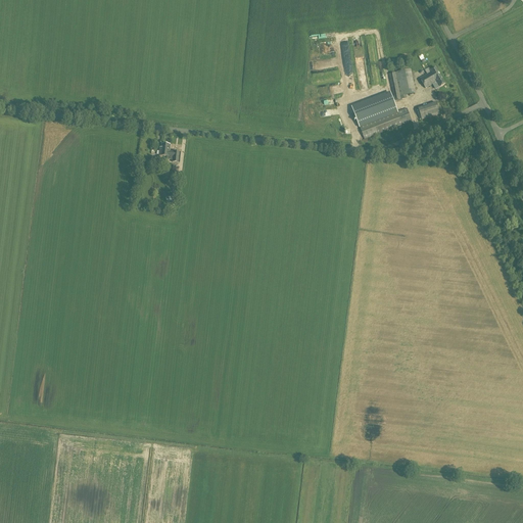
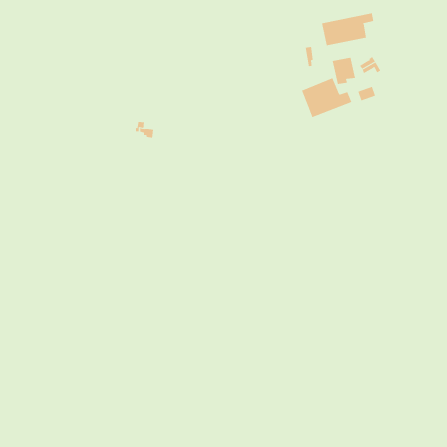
building: none -> [321,12,374,46]

